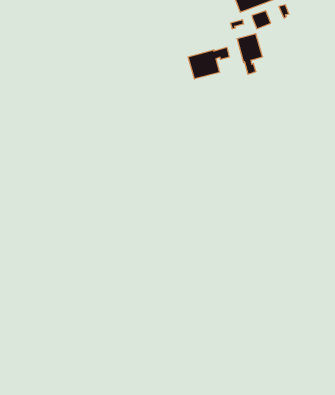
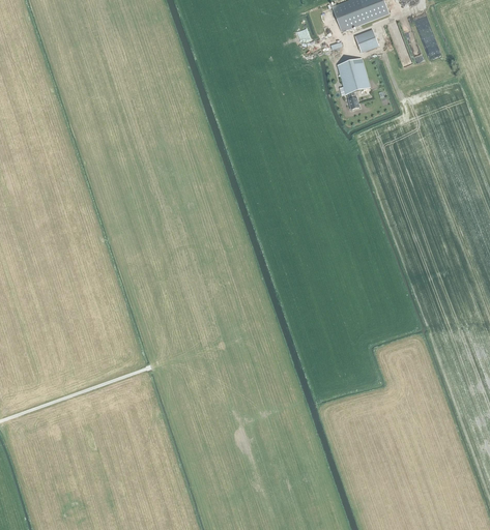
building: [188,47,229,79] -> none

